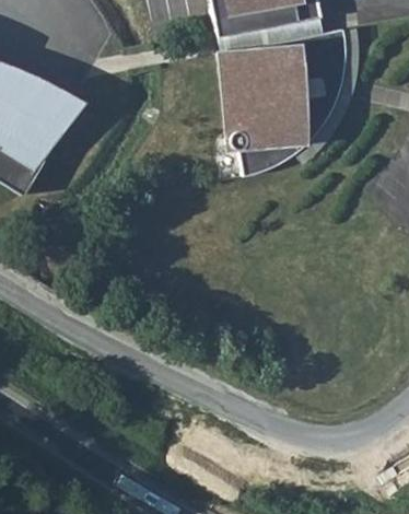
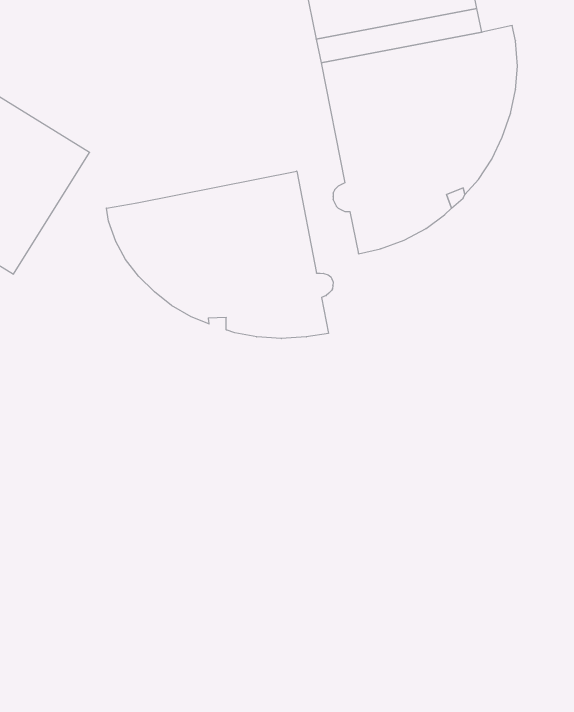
building: none -> [106,171,333,339]

